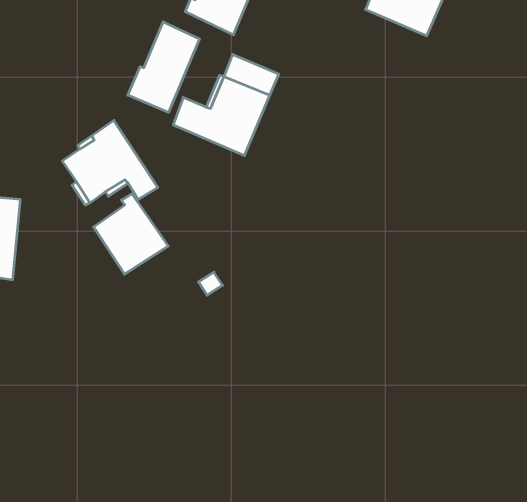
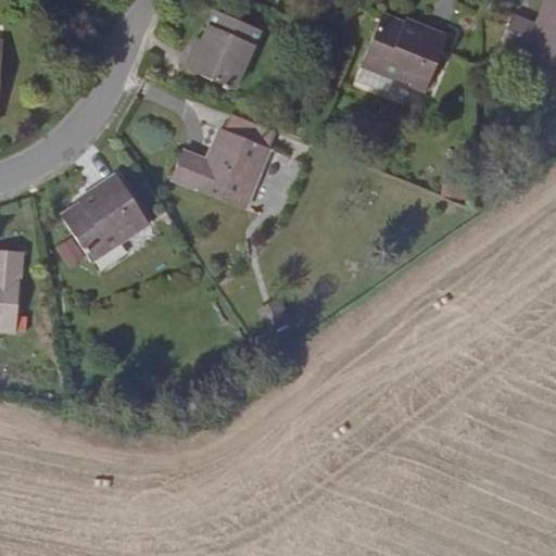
building: [128,22,200,112] -> none
building: [93,194,168,274] -> none

